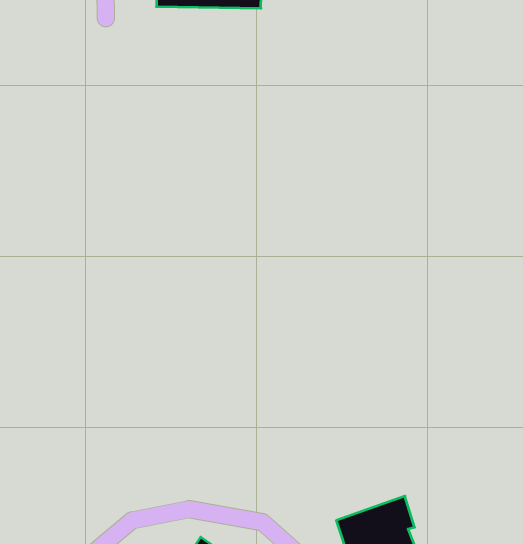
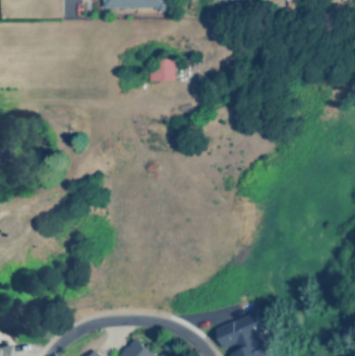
building: none -> [150,60,177,81]

